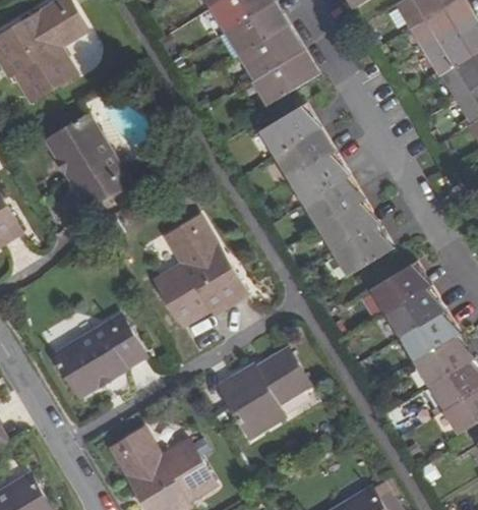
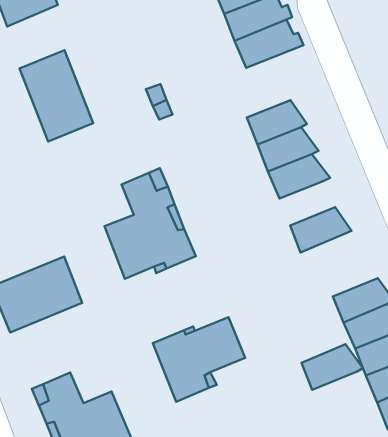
building: [260,105,320,153] -> none
building: [319,203,379,250] -> none
building: [371,264,431,313] -> [302,344,363,390]

